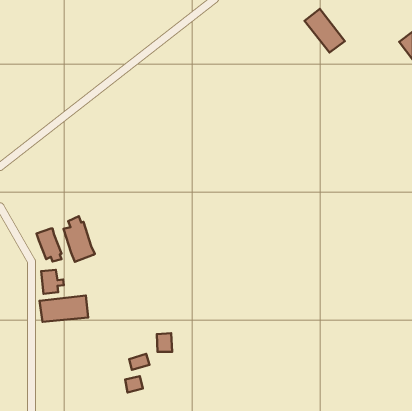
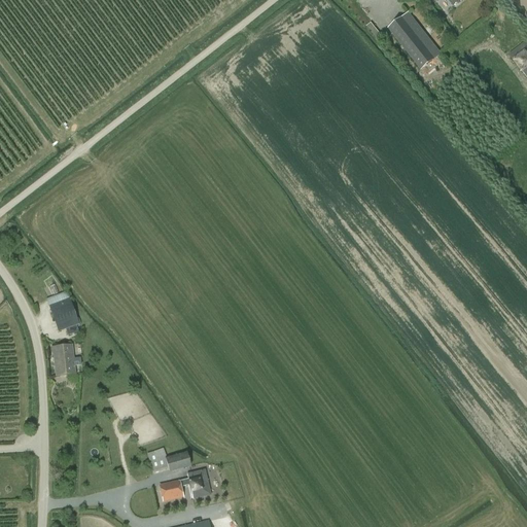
building: [64,216,95,262] -> none
building: [39,296,88,322] -> none
building: [157,333,172,352] -> [190,469,210,493]

